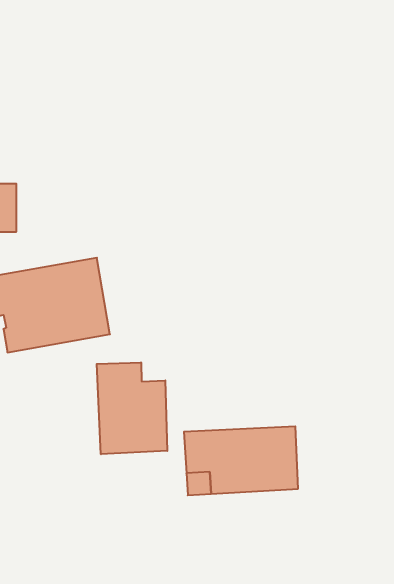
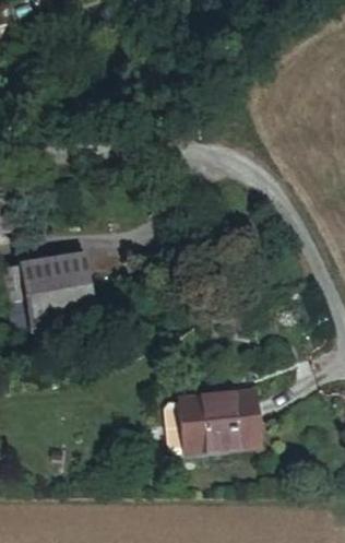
building: [97,362,167,454] -> none

